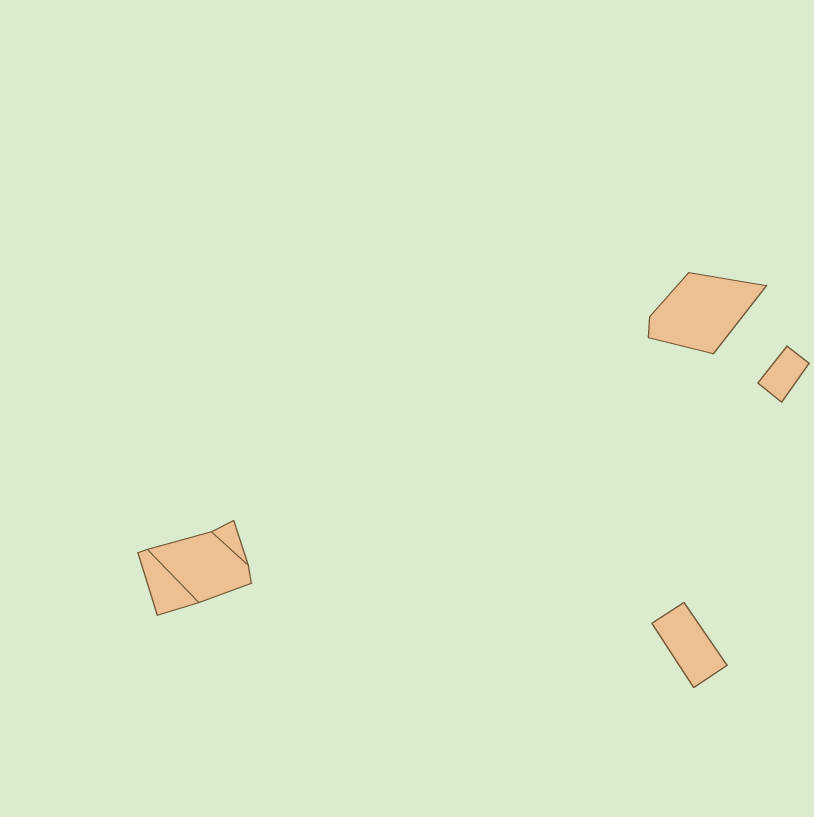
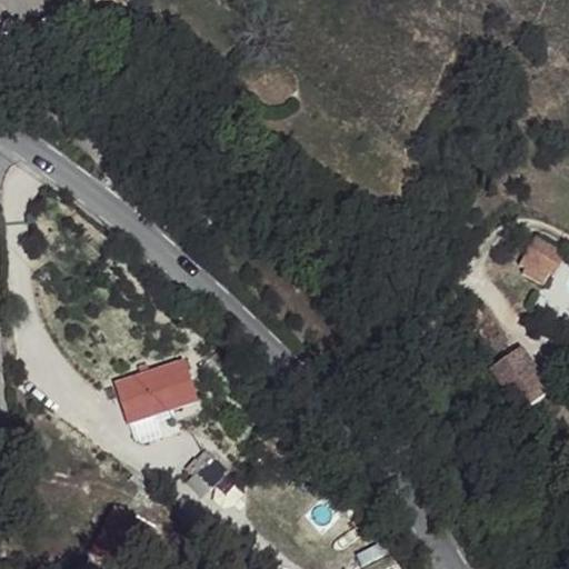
building: [648,273,767,354] -> none
building: [652,603,727,687] -> [497,343,549,402]

